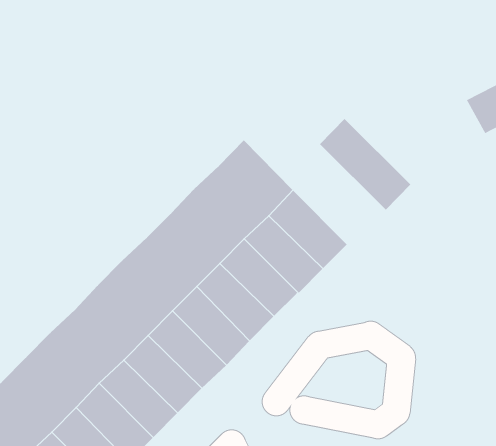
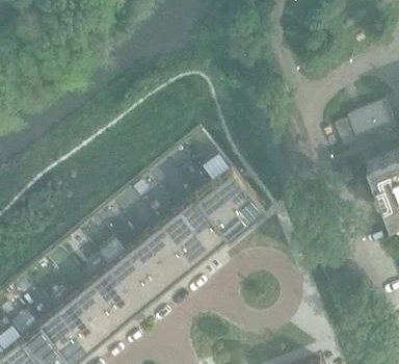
building: [319,118,411,211] -> none

